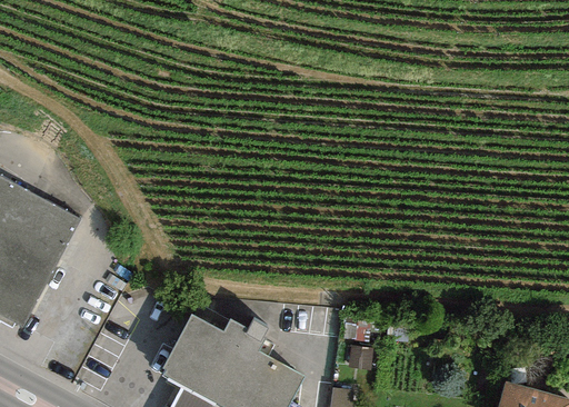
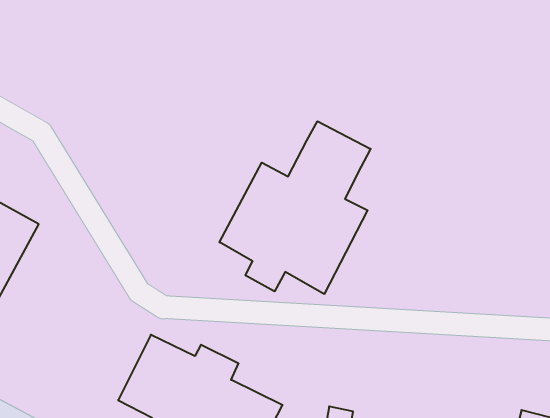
building: none -> [219,121,371,294]

